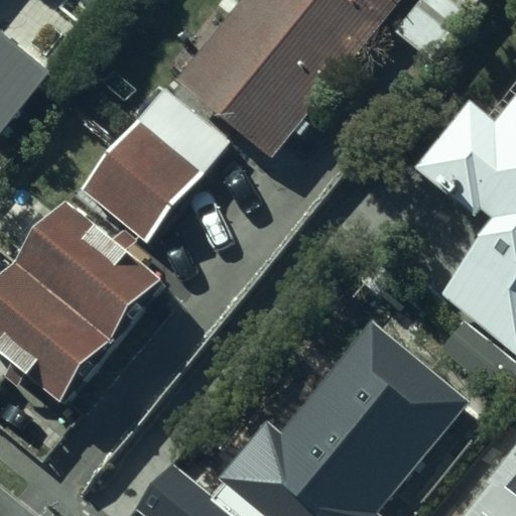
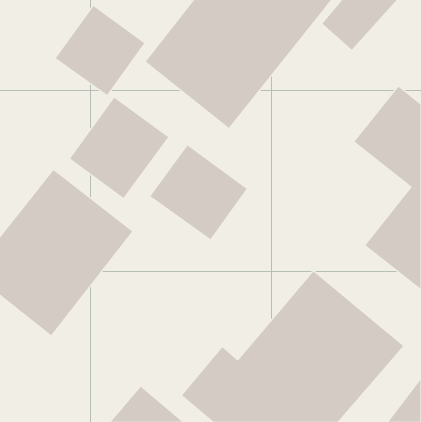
building: none -> [55,5,145,96]
building: none -> [150,144,248,240]

